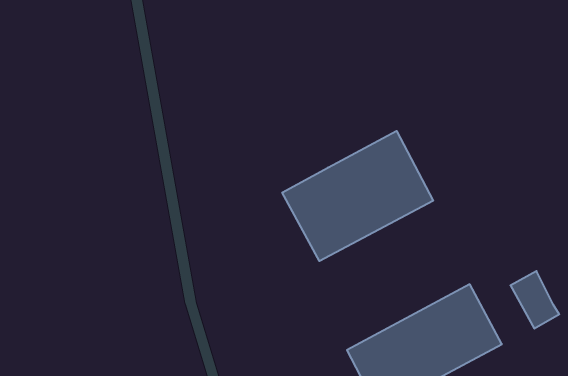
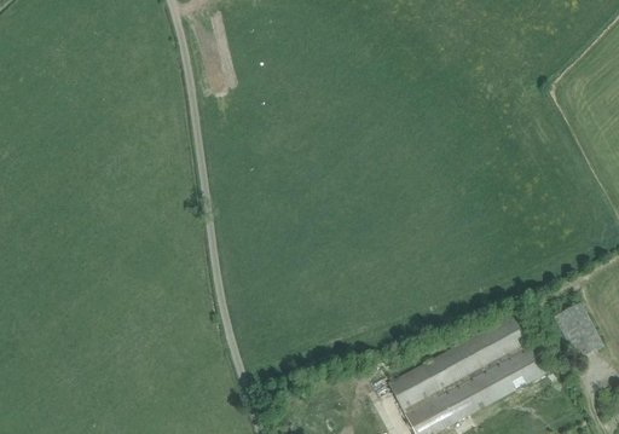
building: [282,131,433,261] -> none

